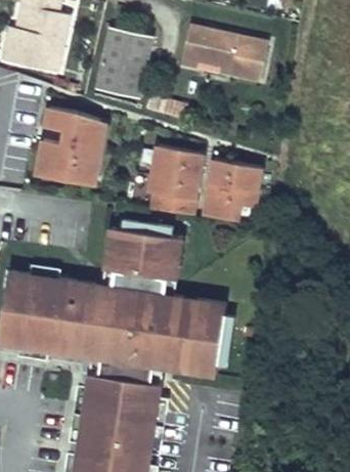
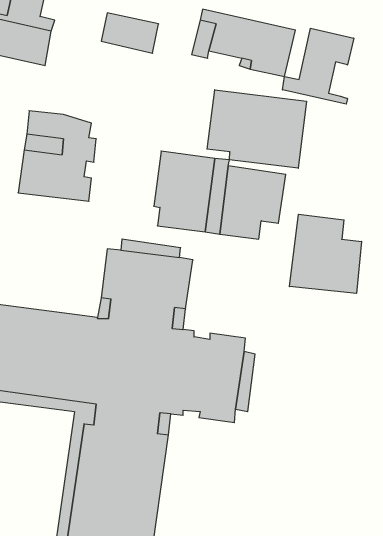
building: none -> [283,28,354,104]
building: [97,53,148,99] -> none
building: none -> [207,90,306,168]
building: none -> [289,214,362,293]

